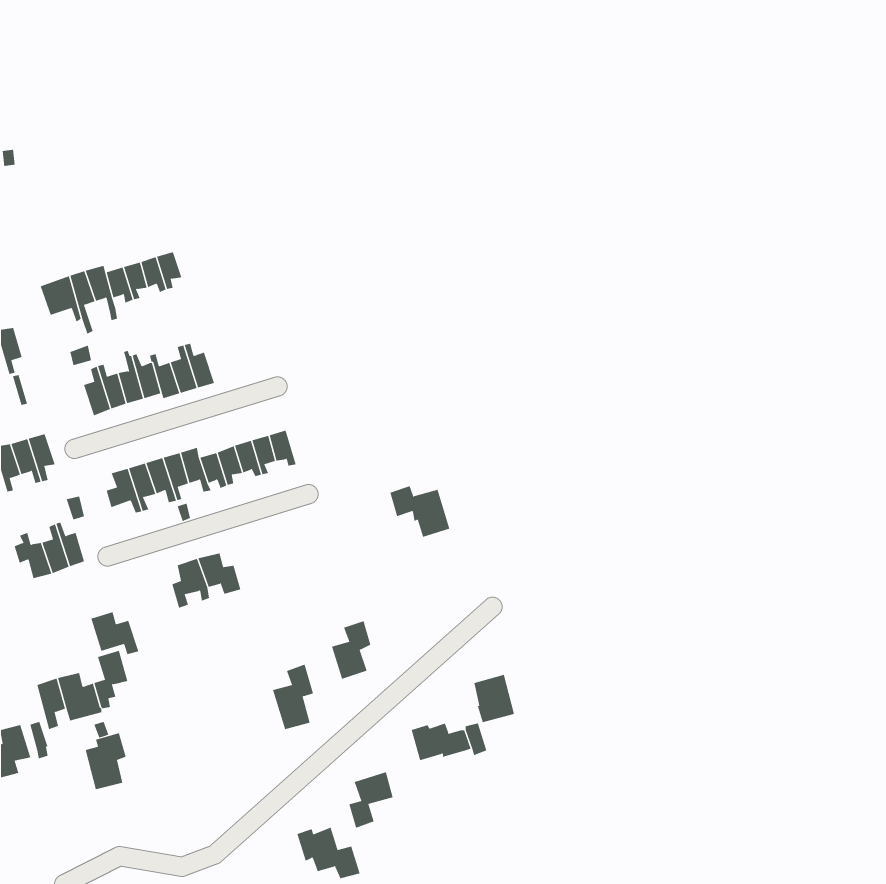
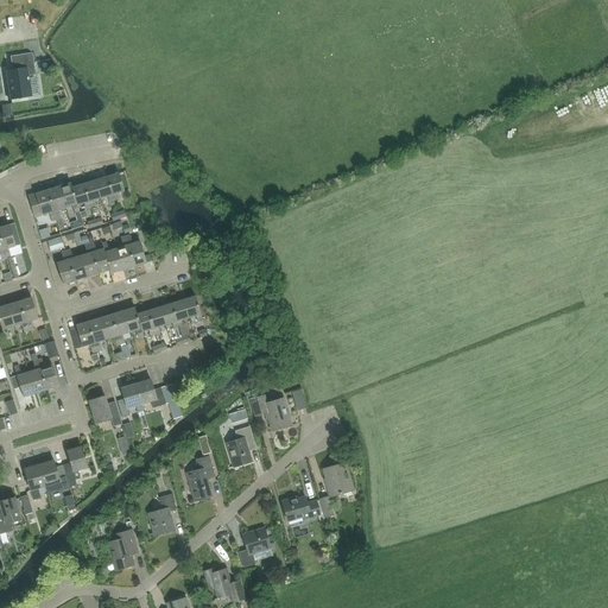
building: none -> [5,51,34,97]
building: [389,486,450,538] -> [251,394,292,430]
building: [91,612,139,655] -> [89,395,122,425]
building: none -> [150,493,177,534]
building: [85,732,127,790] -> [108,530,137,569]

